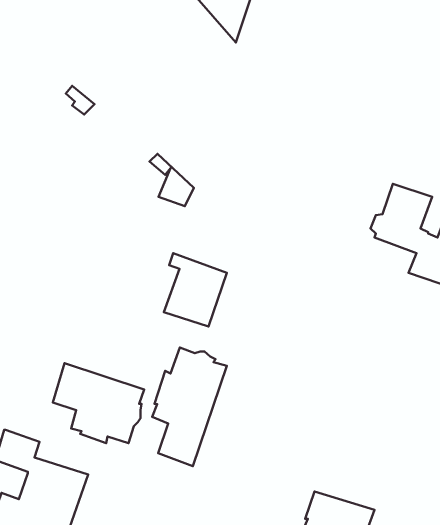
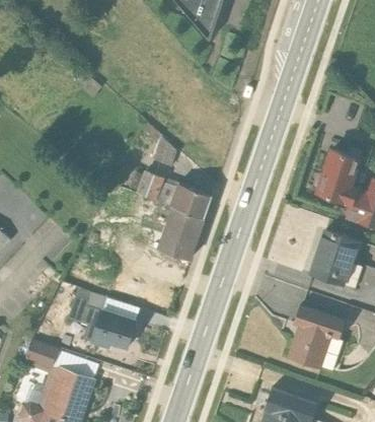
building: none -> [129,170,212,218]
building: none -> [308,229,363,289]
building: [152,347,227,466] -> none
building: none -> [287,305,346,369]

